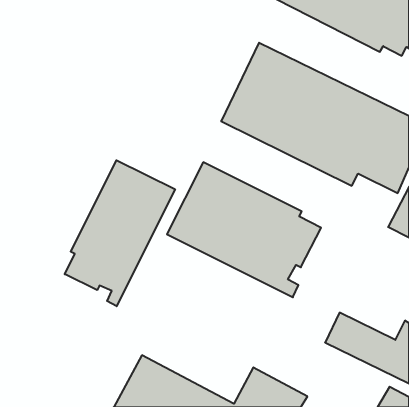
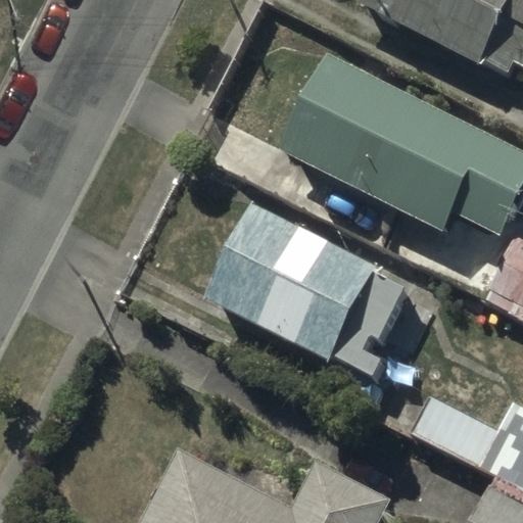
building: [65,160,175,306] -> none

